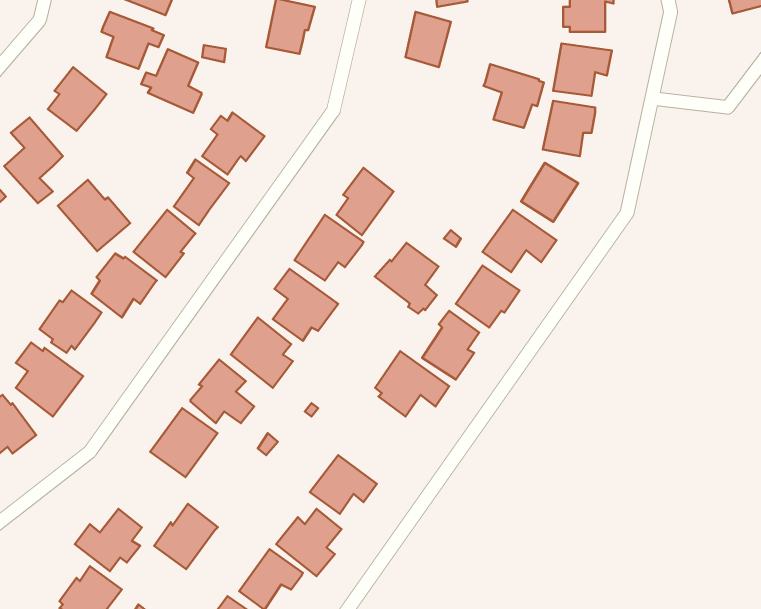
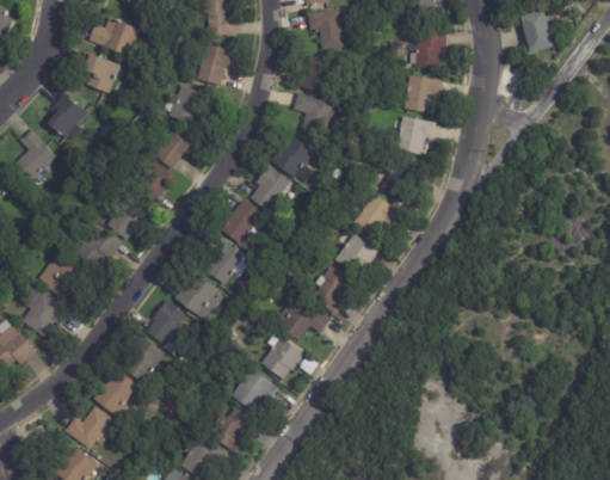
building: [141,49,201,113] -> [162,84,205,129]
building: [483,64,544,128] -> [291,92,334,137]
building: [58,180,130,251] -> none
building: [375,243,438,313] -> [270,135,315,185]
building: none -> [260,336,304,379]
building: [154,504,218,569] -> [92,369,137,416]

